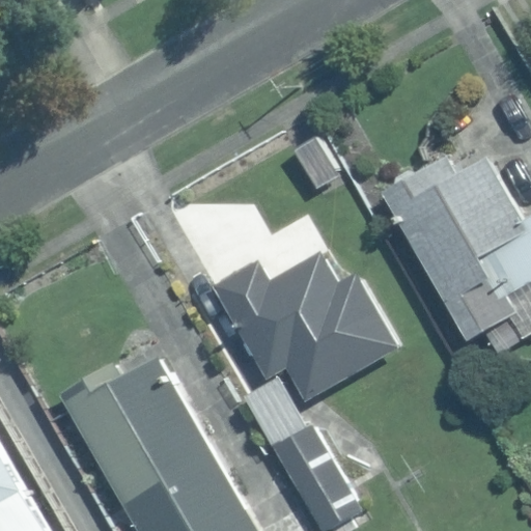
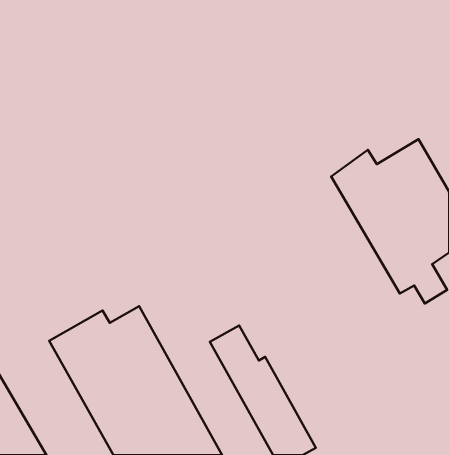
building: [213,250,401,401] -> none

